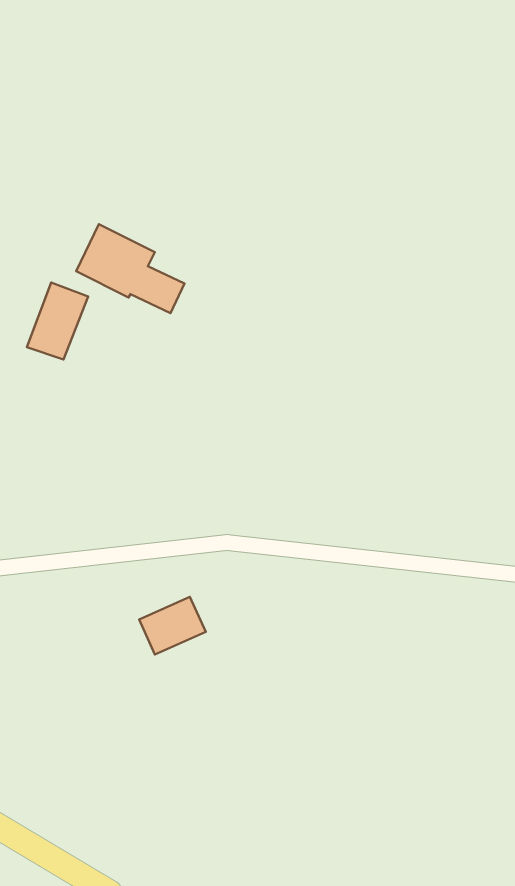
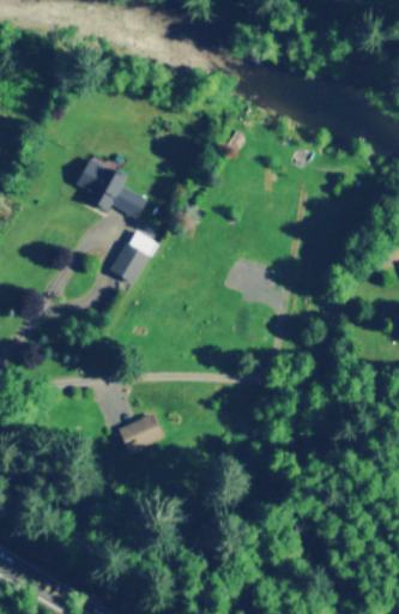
building: [27,283,88,360] -> [114,229,156,282]

